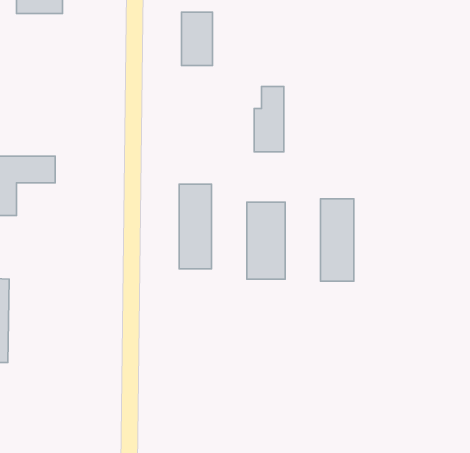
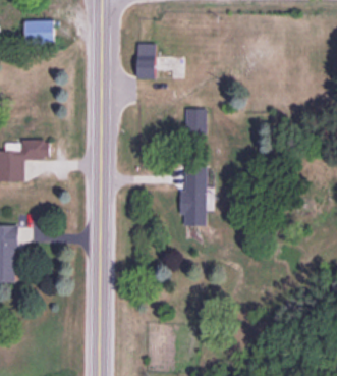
building: [179,184,212,269] -> none
building: [320,199,354,281] -> none

